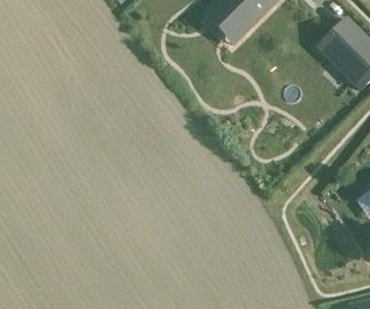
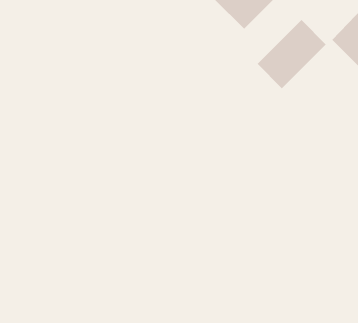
building: none -> [257,19,327,89]

